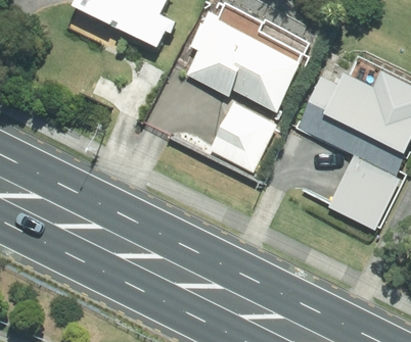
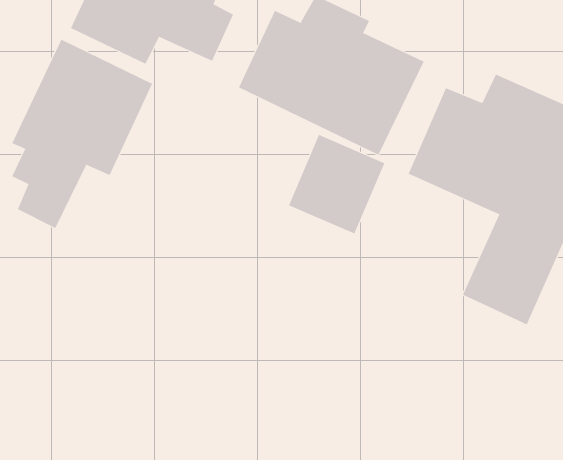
building: none -> [11,39,153,229]

